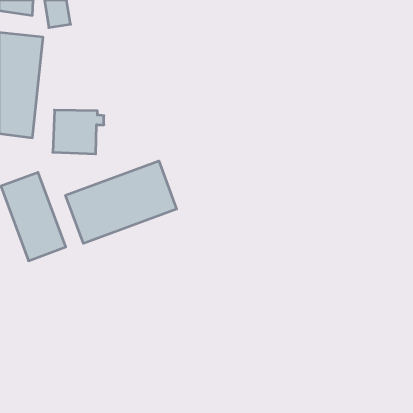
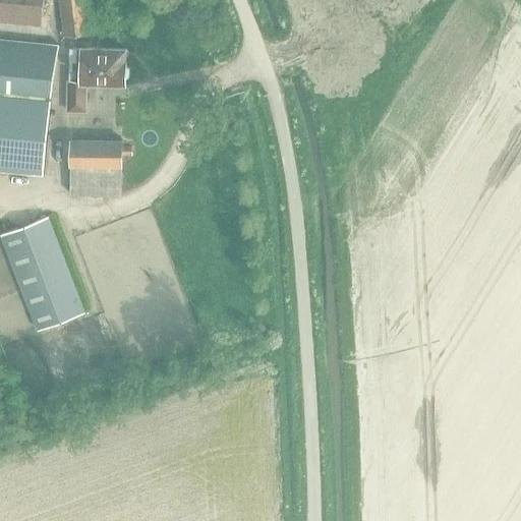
building: none -> [66,49,126,111]
building: [66,161,177,243] -> none

